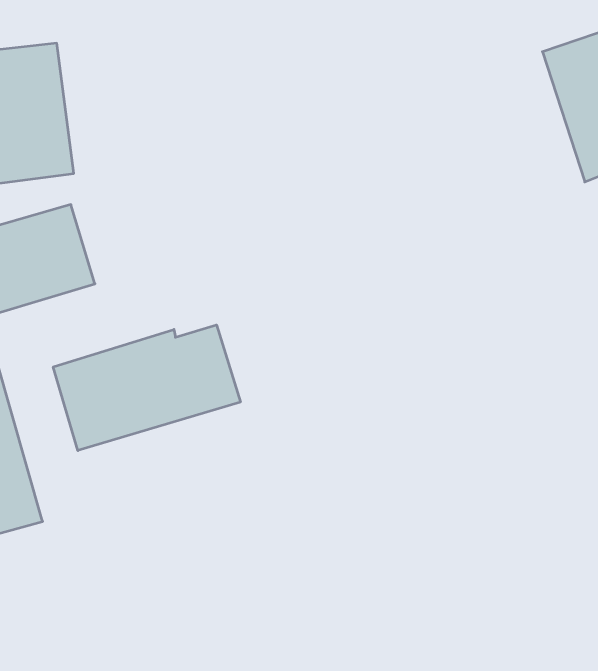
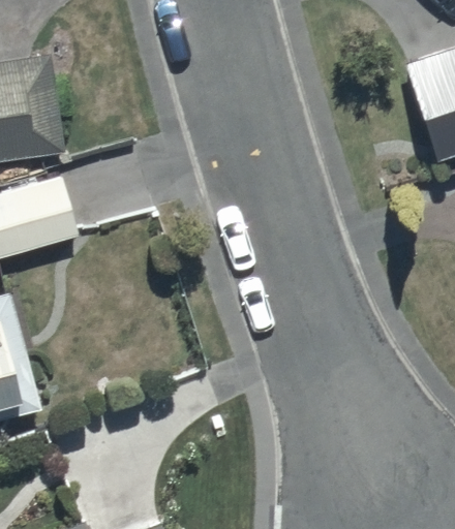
building: [53,325,240,451] -> none

